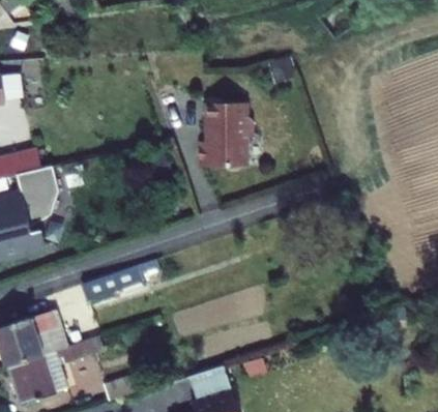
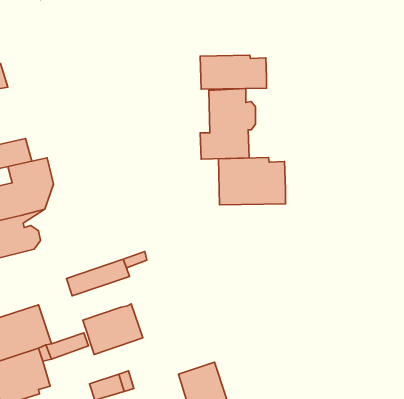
building: none -> [200,55,267,89]
building: none -> [219,157,286,205]
building: none -> [83,304,143,354]

